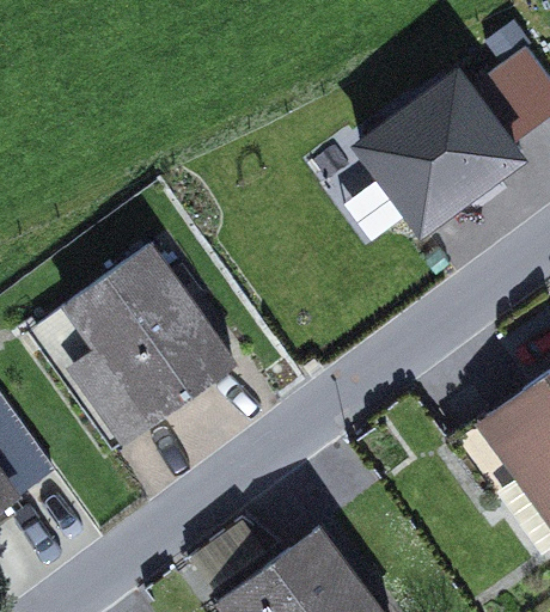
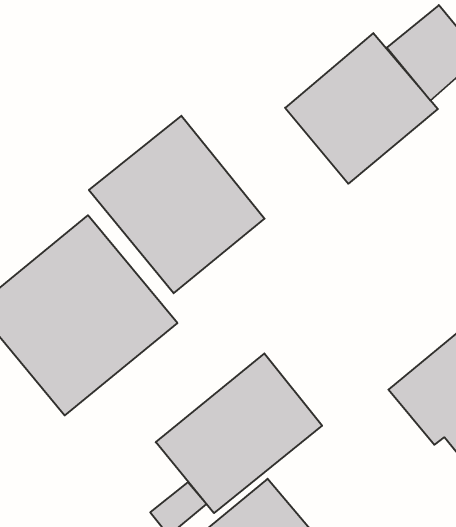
building: none -> [89,116,265,293]
building: none -> [156,353,322,513]

